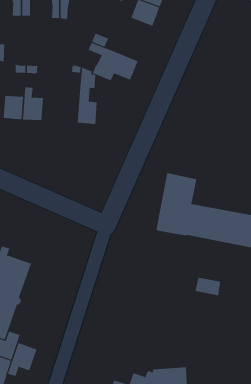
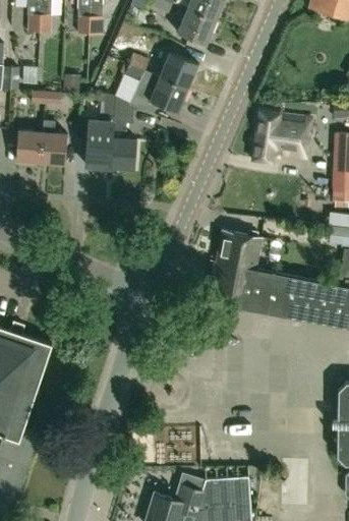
building: none -> [161,53,198,89]
building: none -> [253,110,311,162]
building: none -> [81,116,114,167]
building: [195,277,221,296] -> none
building: [7,342,37,377] -> none

